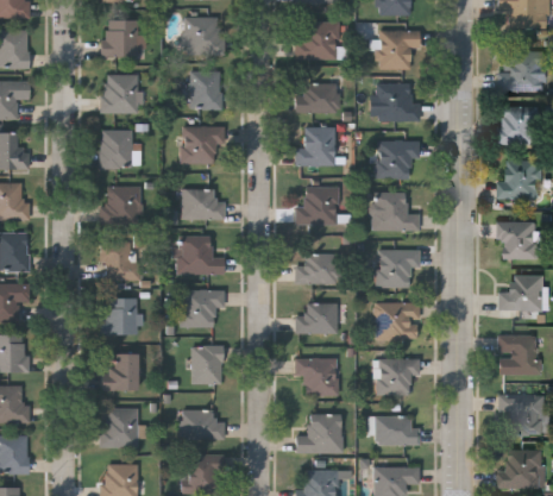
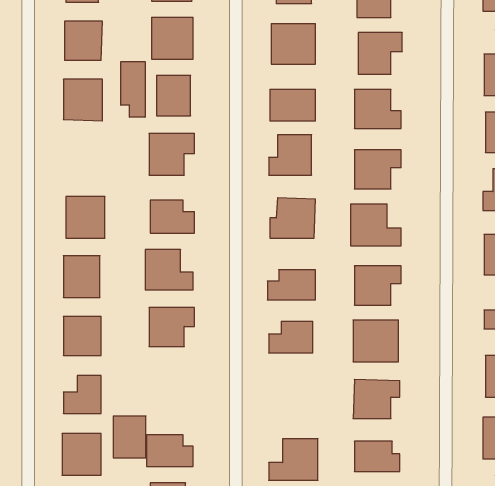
building: none -> [121,62,145,117]
building: [100,130,133,168] -> none
building: [191,345,222,384] -> [113,416,146,458]
building: [295,359,338,396] -> none

